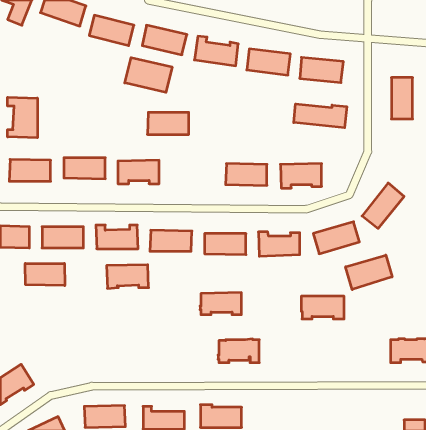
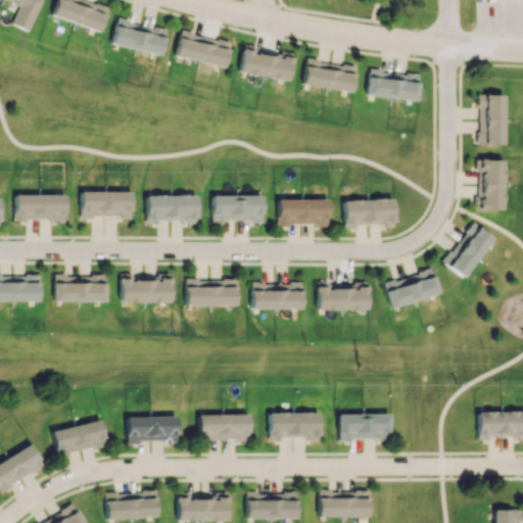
building: [125,58,172,92] -> none
building: [8,97,37,138] -> none
building: [294,104,347,128] -> none
building: [147,112,189,134] -> [213,195,264,222]
building: none -> [478,160,506,210]
building: [346,255,392,290] -> none
building: [25,263,65,286] -> none
building: [107,265,149,288] -> [128,416,179,444]
building: [200,293,241,315] -> [199,415,249,441]
building: [301,296,344,319] -> [339,414,391,441]
building: none -> [53,420,109,458]
building: none -> [320,491,370,518]

